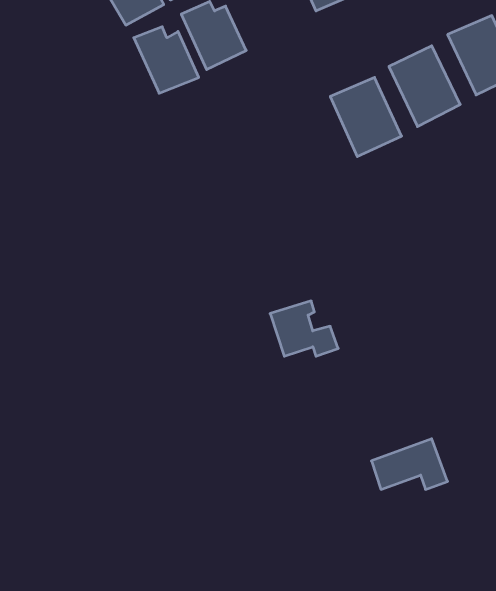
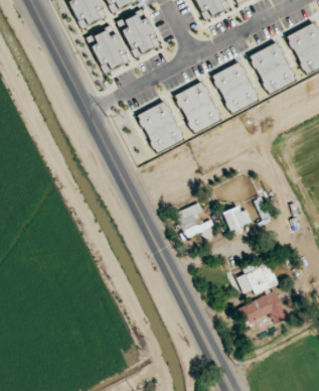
building: none -> [175,82,220,132]
building: none -> [138,101,183,151]
building: none -> [223,206,251,229]
building: none -> [235,261,278,294]

